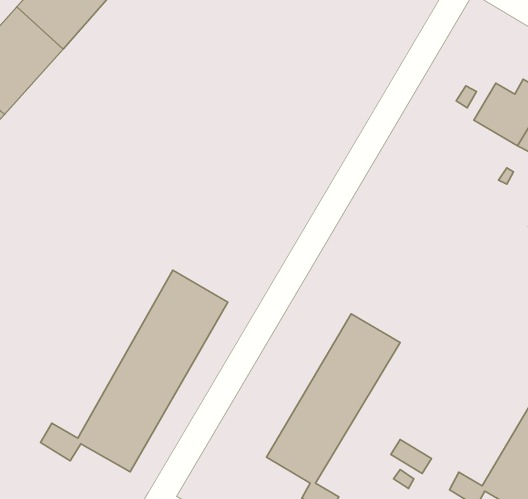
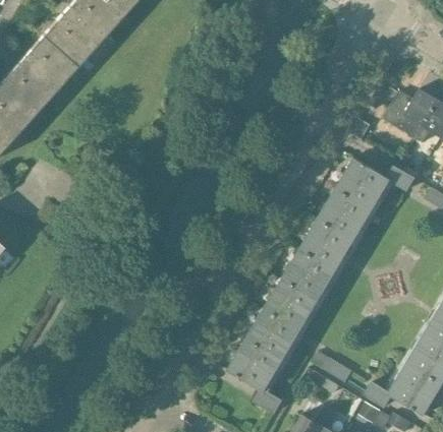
building: none -> [291,158,414,285]
building: [40,270,228,472] -> none

